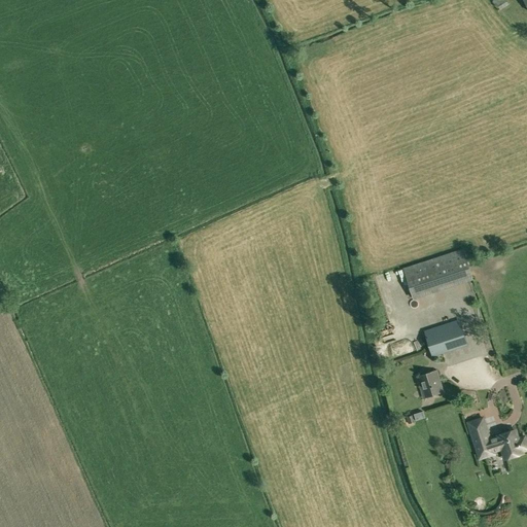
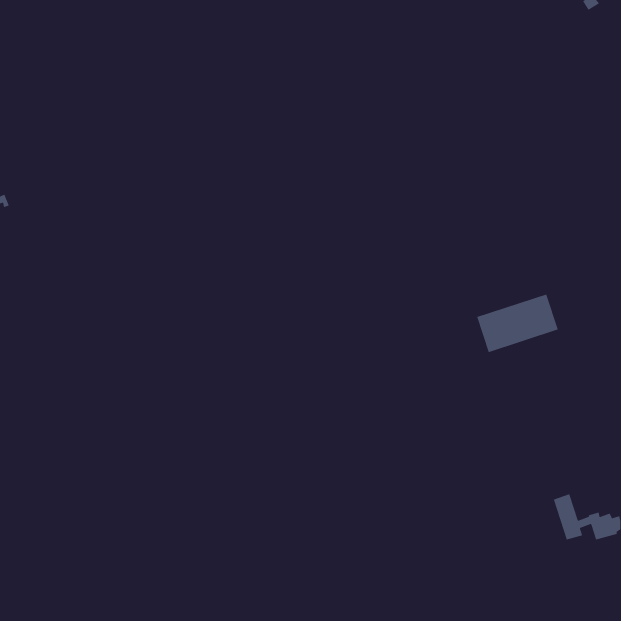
building: [424,323,460,353] -> none
building: [416,370,443,397] -> none

